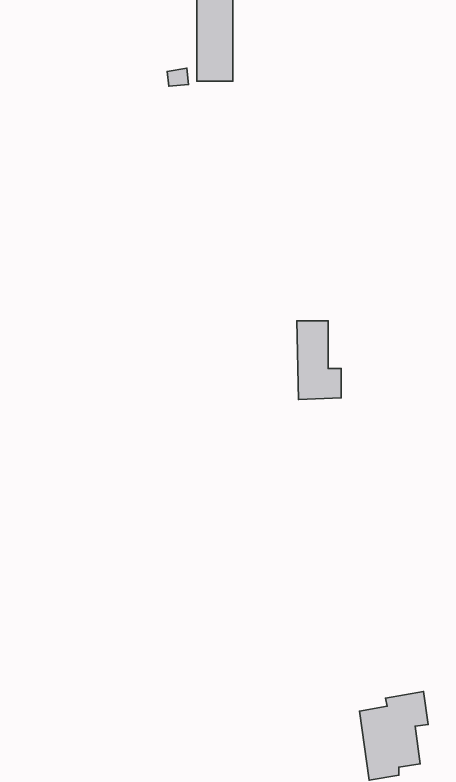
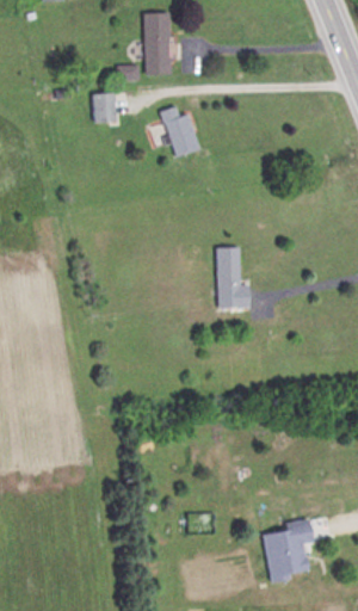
building: none -> [92,93,118,122]
building: none -> [161,104,199,159]

